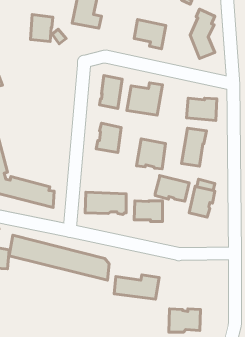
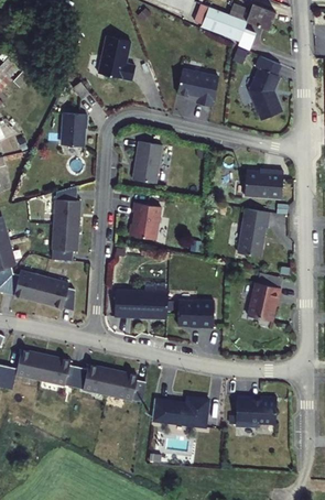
building: [30,15,53,41] -> [58,112,87,146]
building: [127,83,162,115] -> none
building: none -> [52,186,80,261]
building: [137,139,165,169] -> none
building: [155,175,189,201] -> none
building: [169,309,201,332] -> [236,398,277,427]

